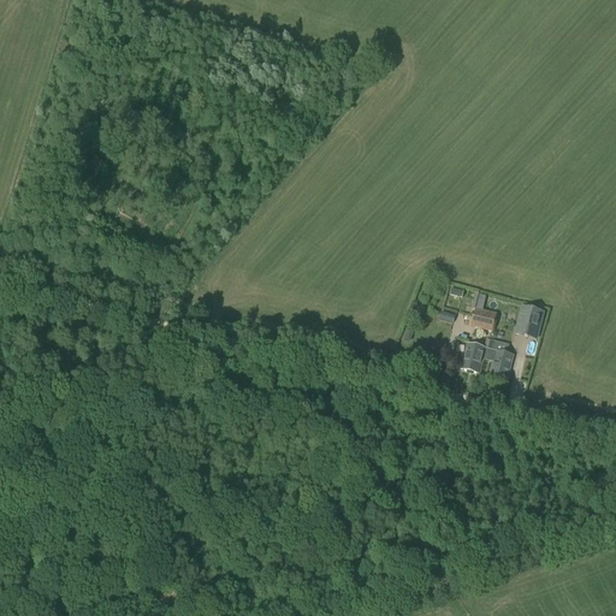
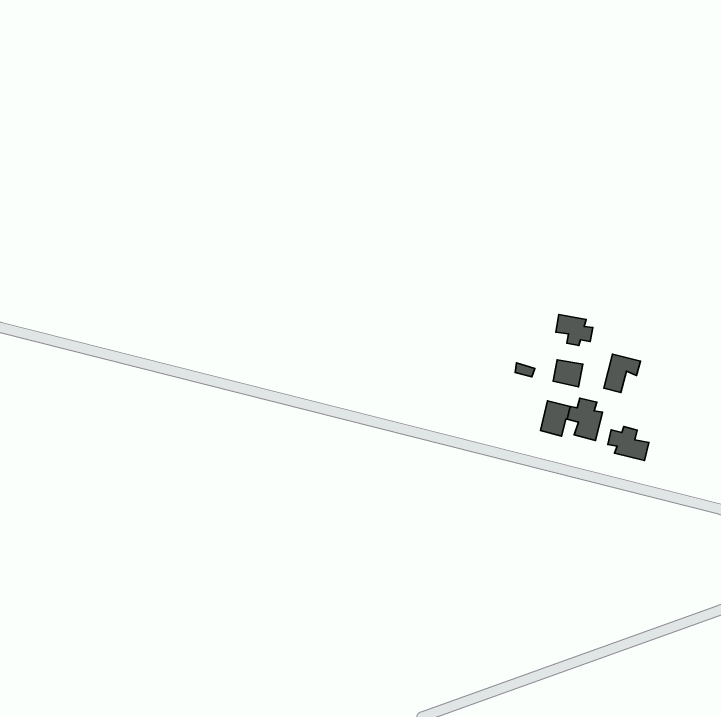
building: none -> [556,314,593,346]
building: none -> [608,427,649,461]

